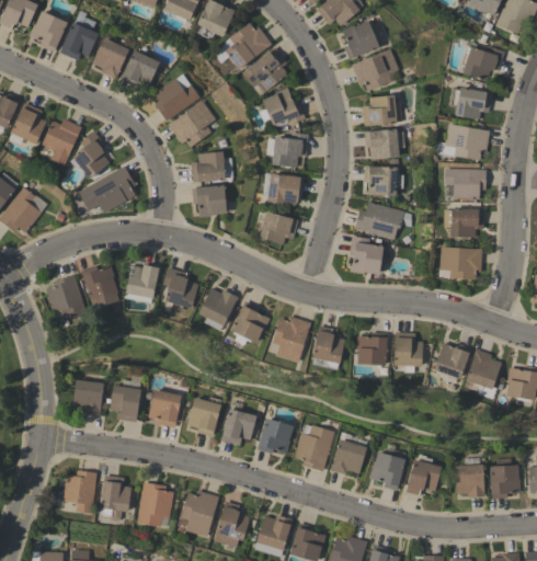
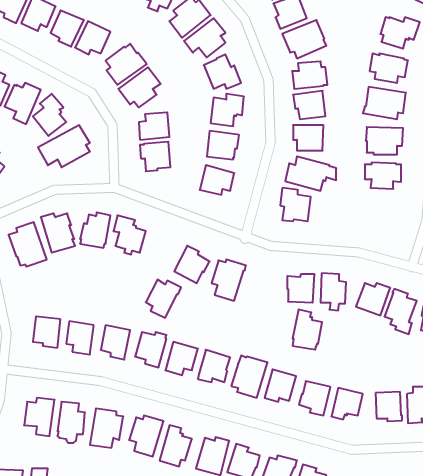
building: [438,247,482,279] -> none
building: [198,288,238,331] -> [146,280,181,318]
building: [311,325,344,370] -> [293,309,322,350]

